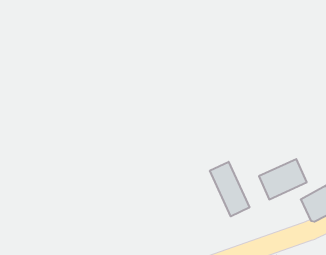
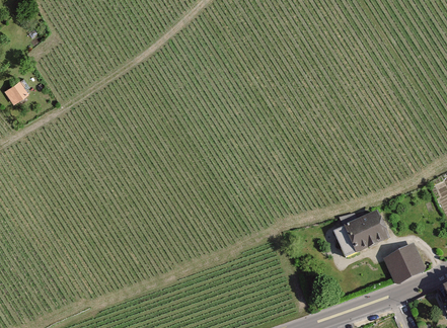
building: [210,162,249,216] -> none

